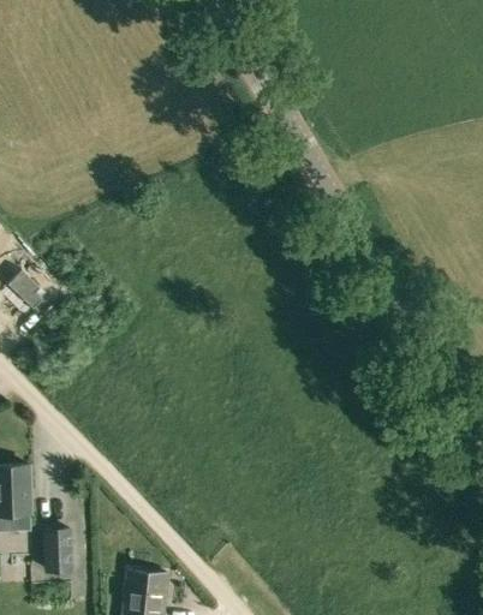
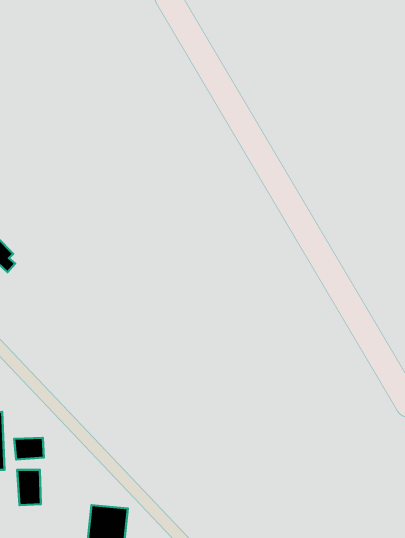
building: none -> [14,438,44,459]

